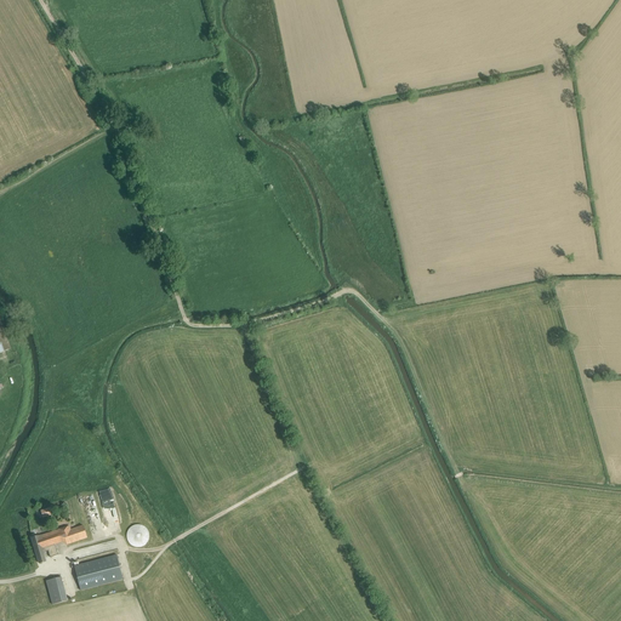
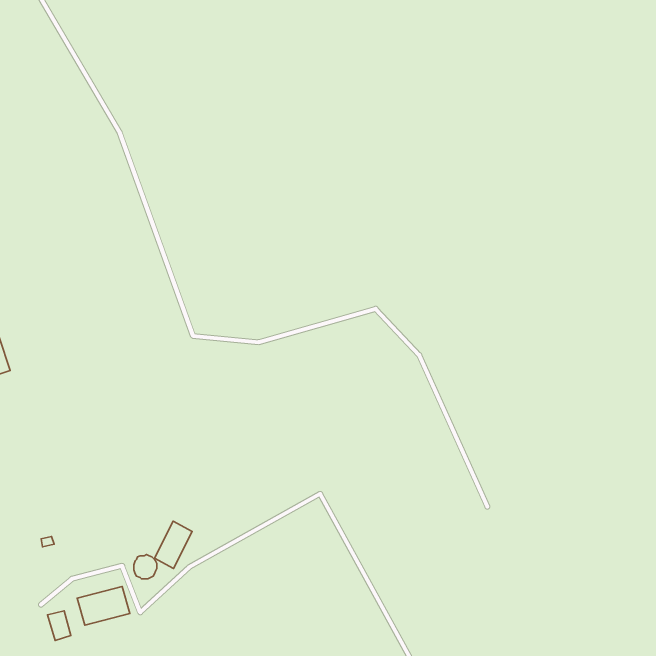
building: none -> [155,521,192,569]
building: [30,524,86,563] -> none

